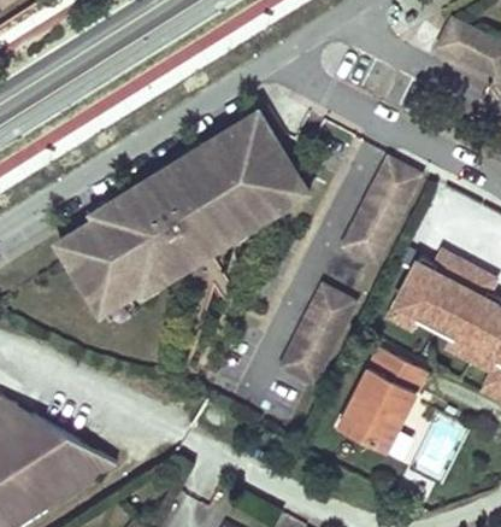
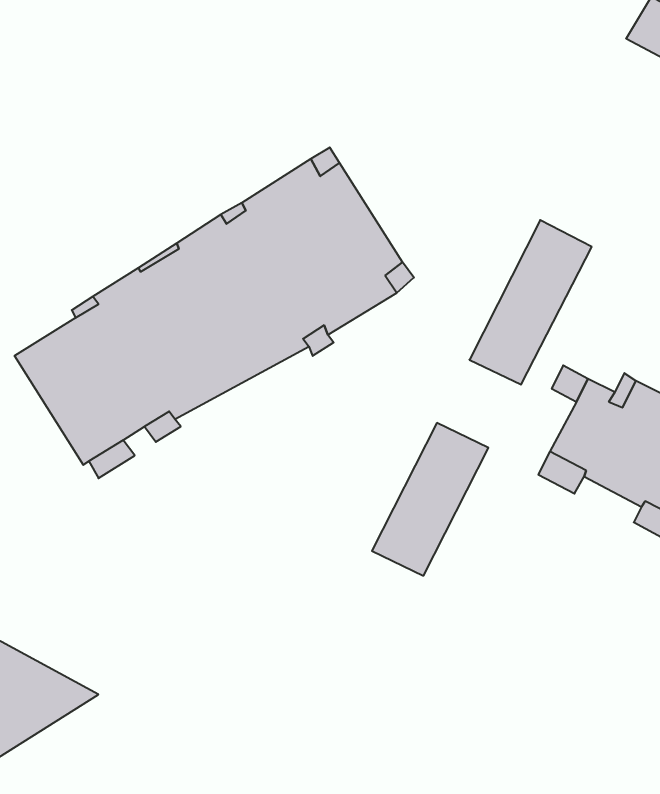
building: [341,345,429,450] -> none

